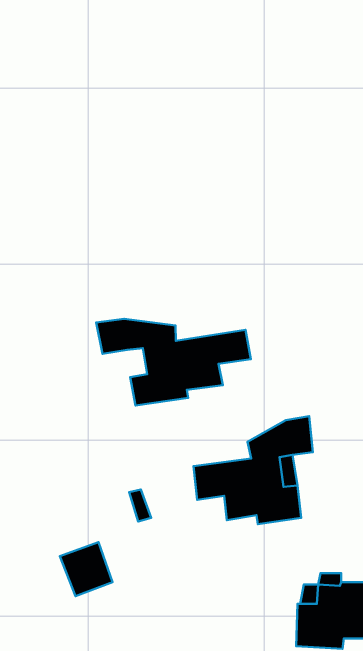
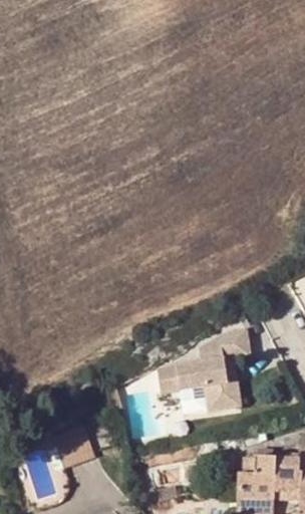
building: [96,319,251,405] -> none

